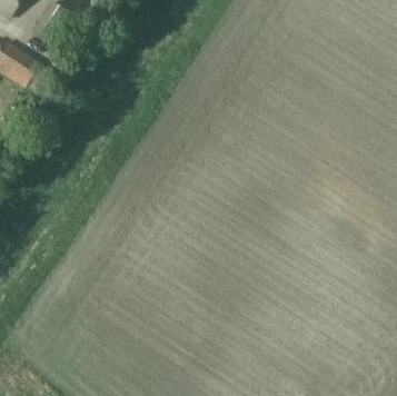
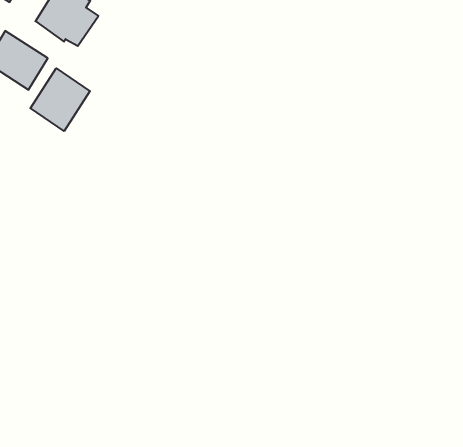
building: none -> [30,68,90,131]

